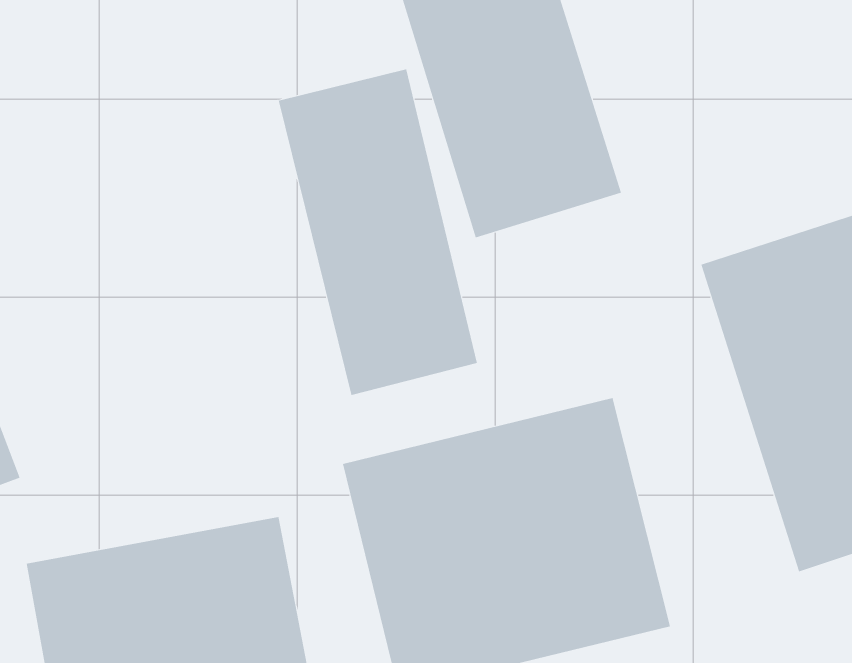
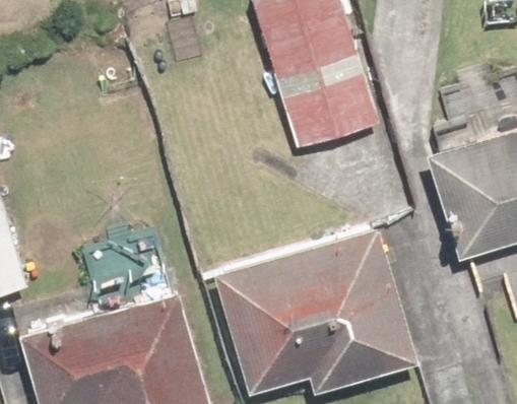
building: [278,69,477,396] -> none

